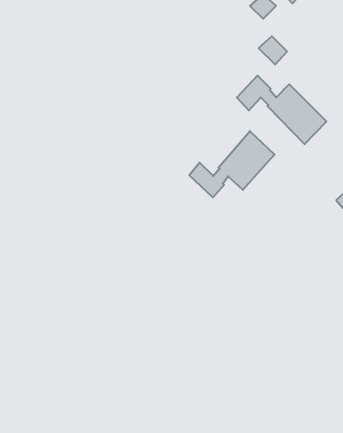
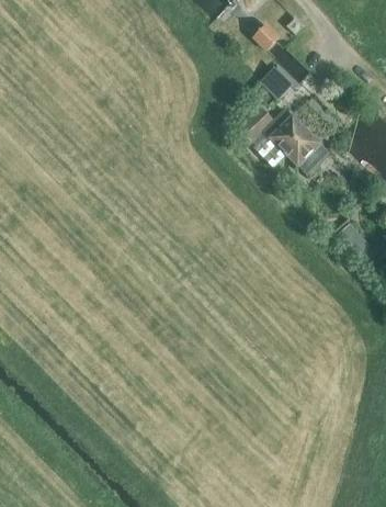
building: [189,131,275,197] -> none

